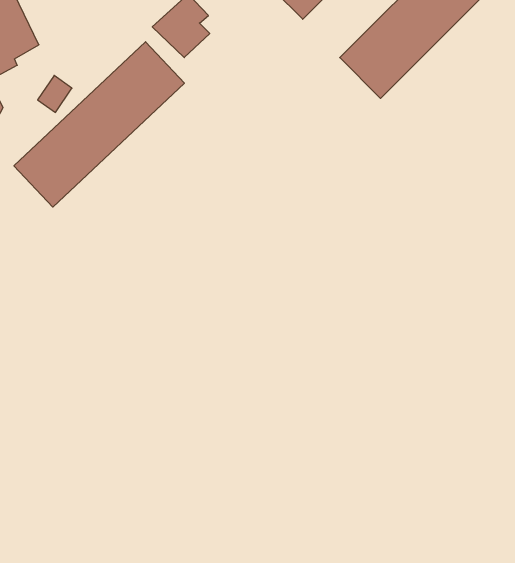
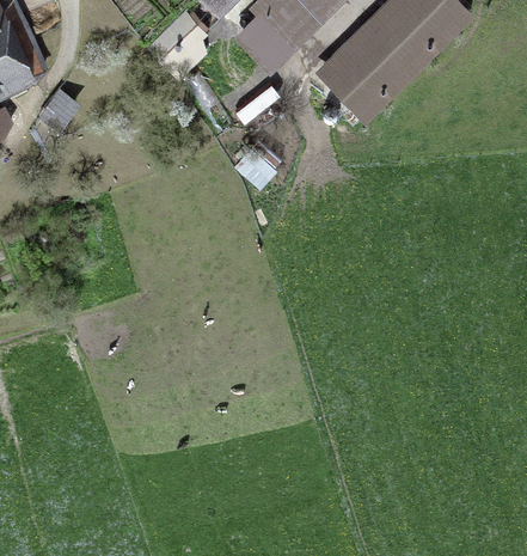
building: [14,42,184,207] -> none

